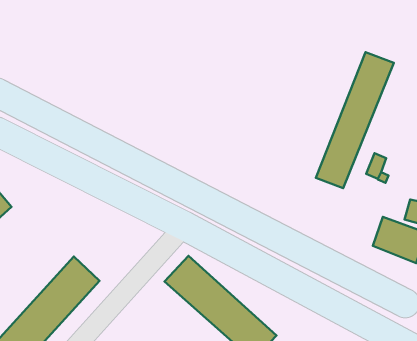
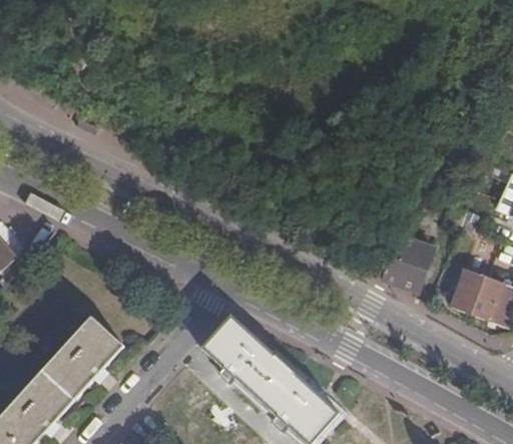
building: [316,52,394,188] -> none
building: none -> [380,232,434,290]

